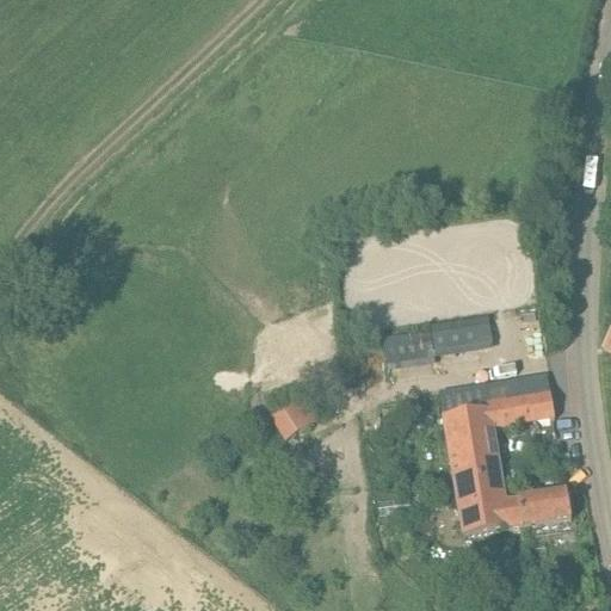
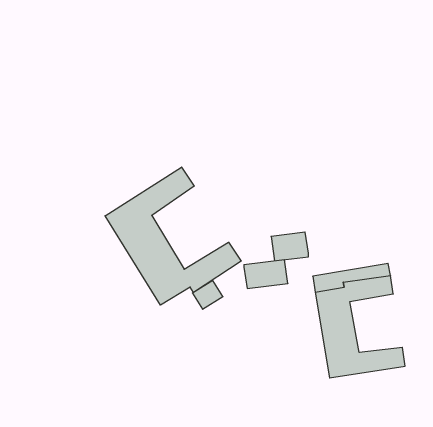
building: none -> [105,167,241,305]
building: [430,316,492,357] -> [244,260,288,288]

